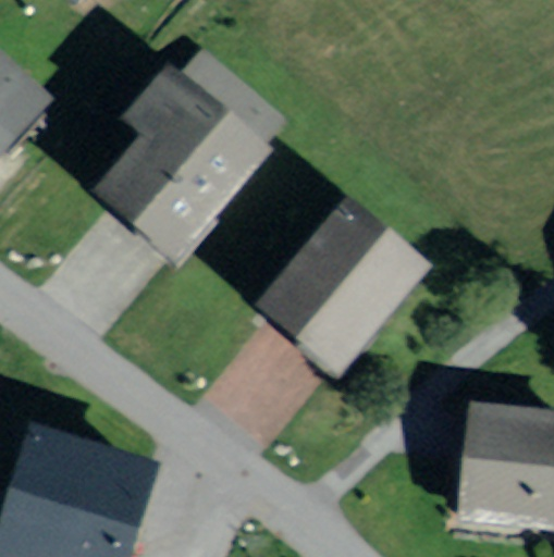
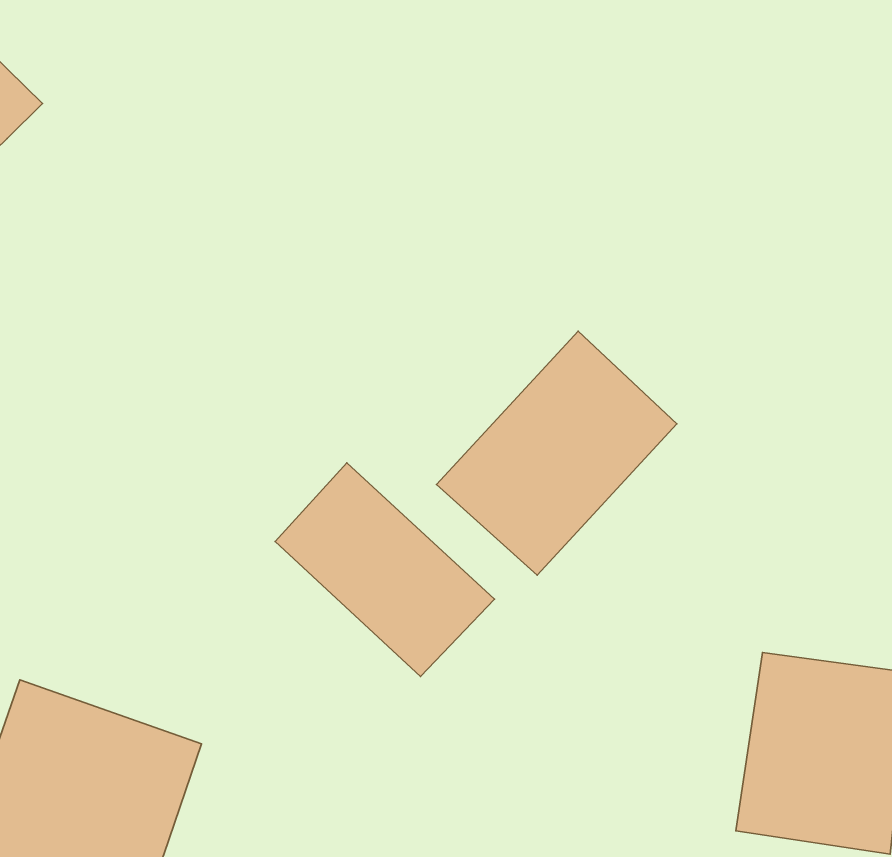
building: [114,55,281,246] -> none
building: none -> [275,463,494,677]

